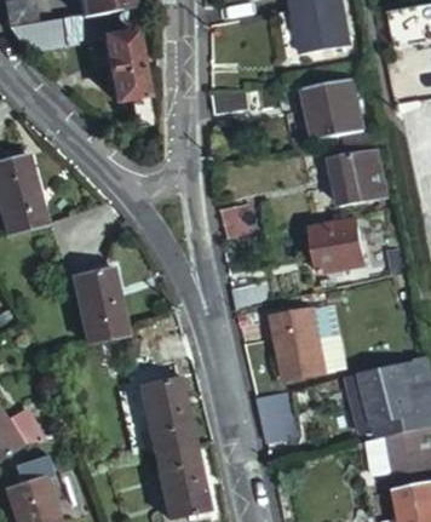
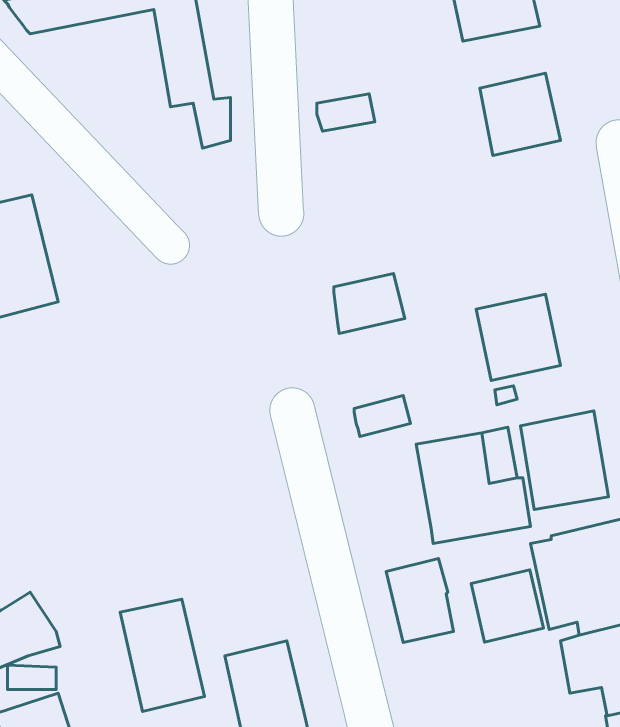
building: [334,132,386,203] -> none
building: [70,268,125,343] -> none
building: none -> [520,411,609,510]
building: [137,379,191,452] -> [120,599,204,712]
building: none -> [471,570,543,642]

